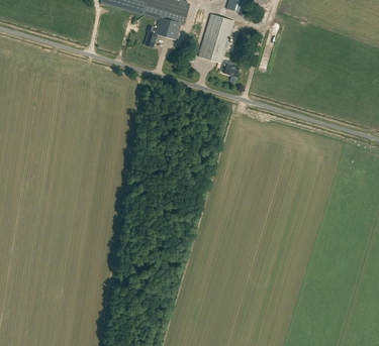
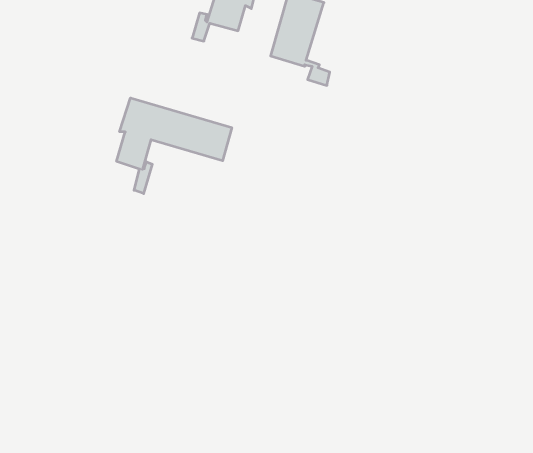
building: none -> [117,98,232,194]

